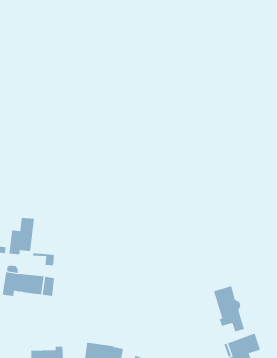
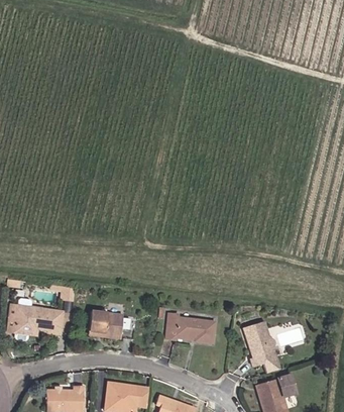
building: [9,217,35,255] -> none
building: none -> [88,311,134,339]
building: none -> [166,313,214,342]

